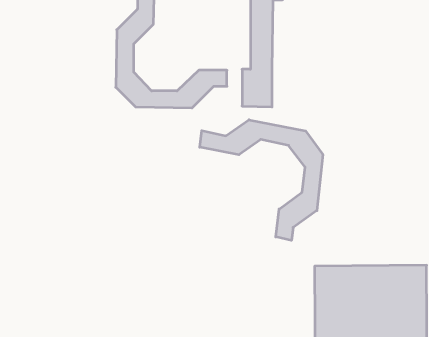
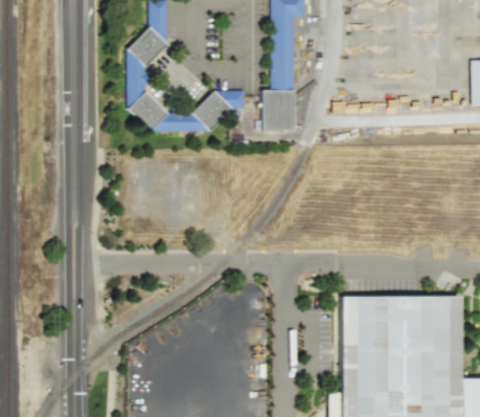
building: [200,120,323,240] -> none

